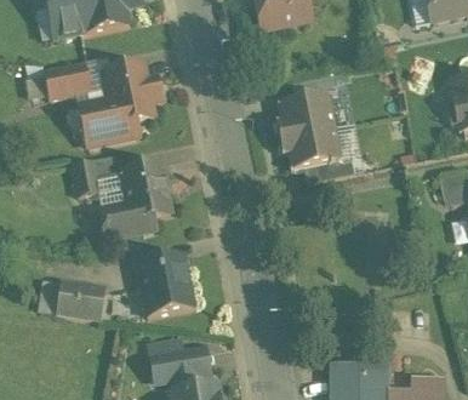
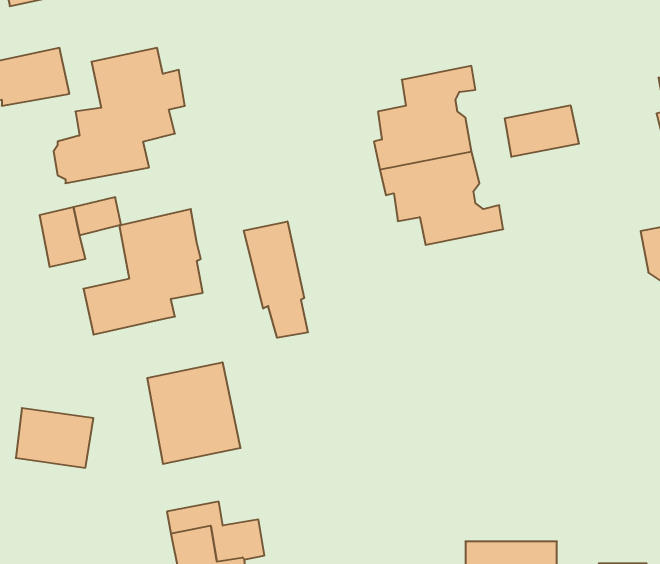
building: none -> [505,105,579,157]
building: none -> [244,221,308,338]

